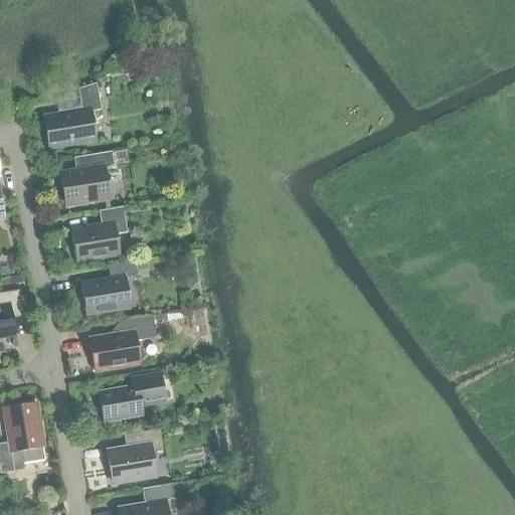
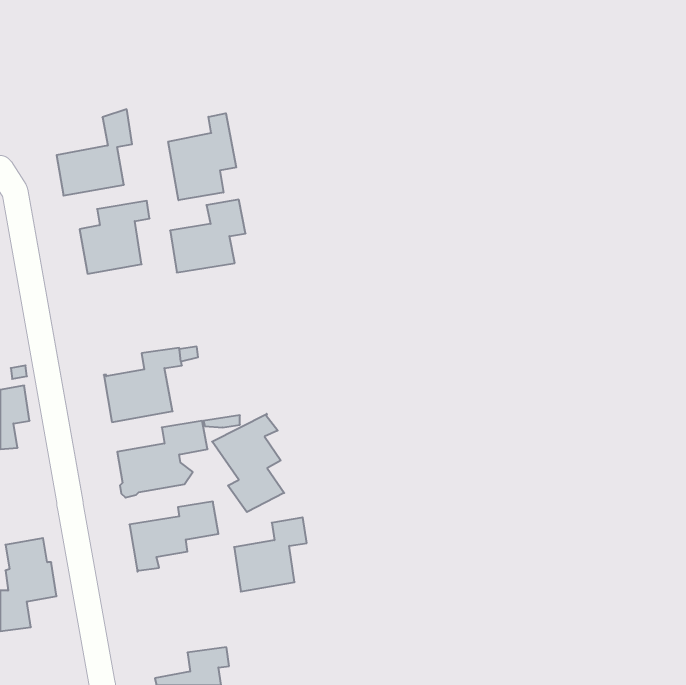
building: none -> [168,113,236,200]
building: [71,205,128,260] -> [170,200,246,272]
building: none -> [212,414,284,512]
building: [109,426,163,482] -> [234,517,307,592]

